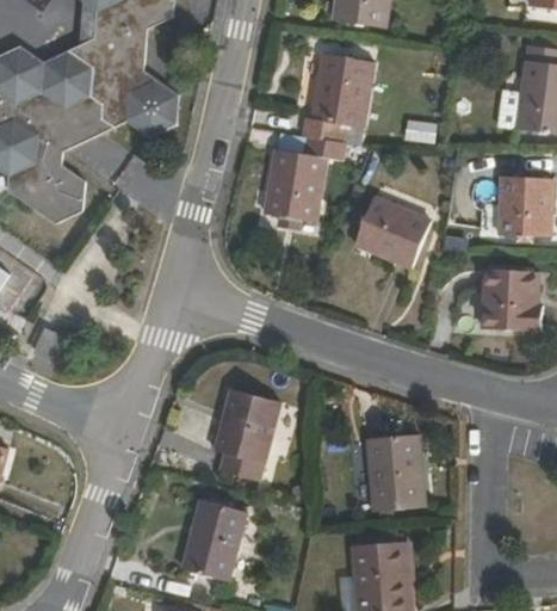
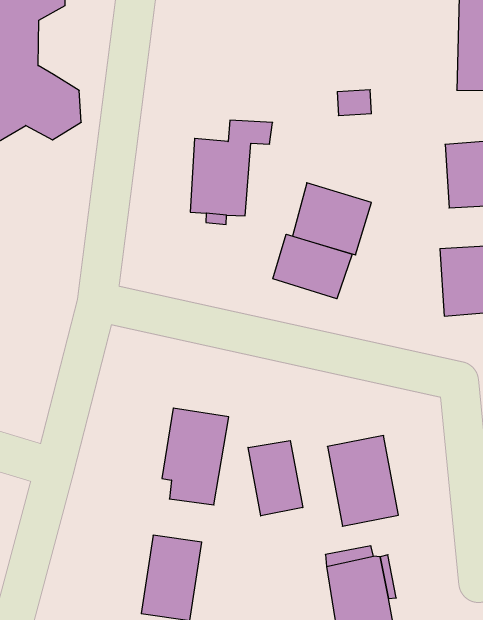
building: [302,55,373,143] -> none
building: none -> [273,234,352,299]
building: none -> [248,441,303,516]

